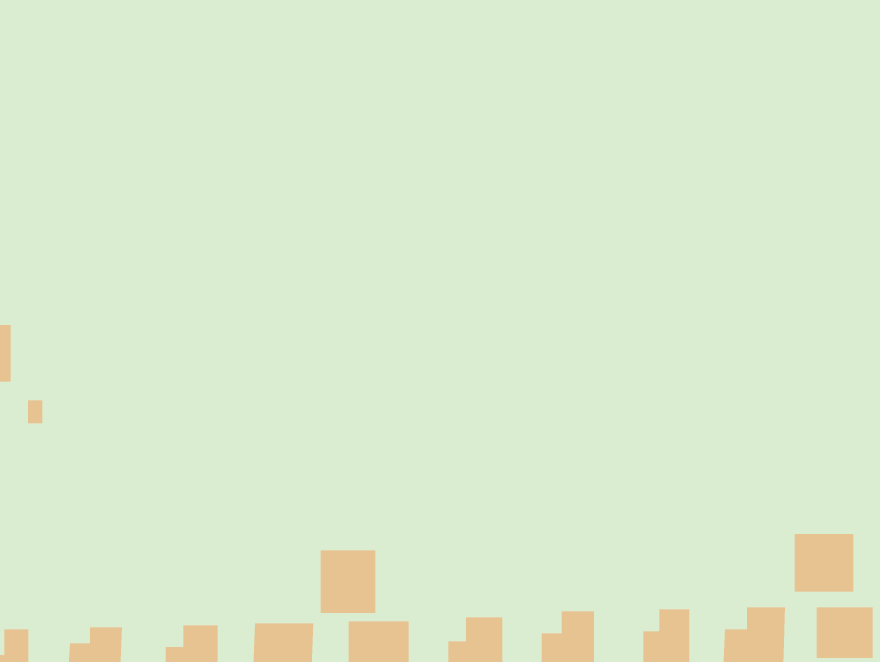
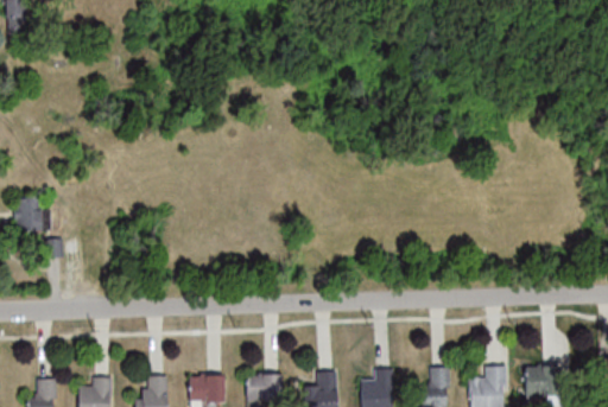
building: [794,533,854,593] -> none
building: [320,550,376,614] -> none

